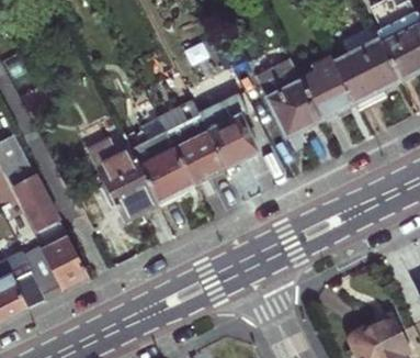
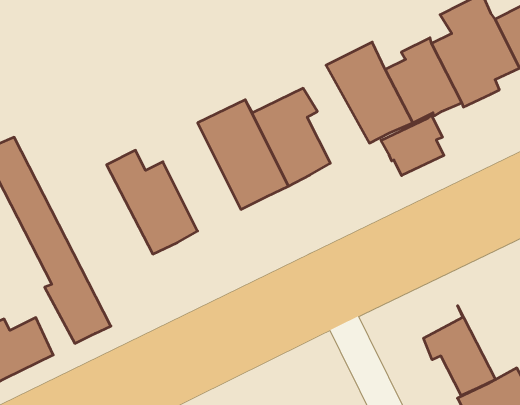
building: none -> [381,115,444,176]
building: [125,137,184,206] -> none
building: none -> [424,306,496,395]

